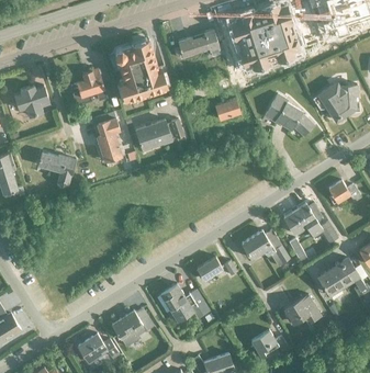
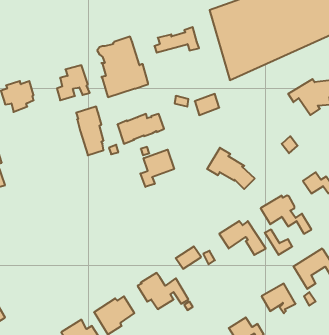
building: [265,94,314,137] -> [207,148,255,189]
building: [34,151,74,186] -> none
building: none -> [140,150,174,187]

